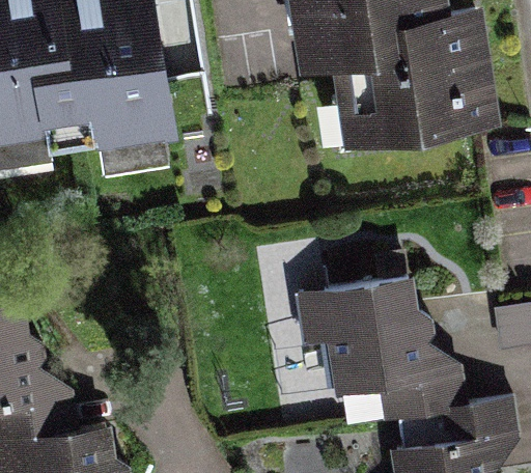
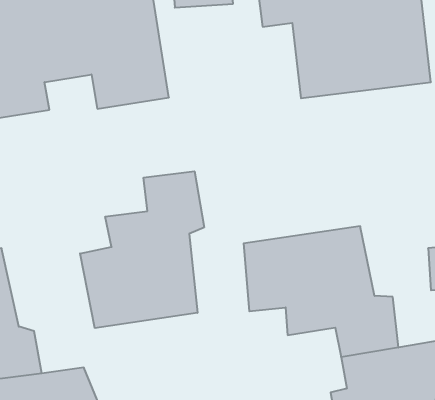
building: none -> [80,171,204,328]

